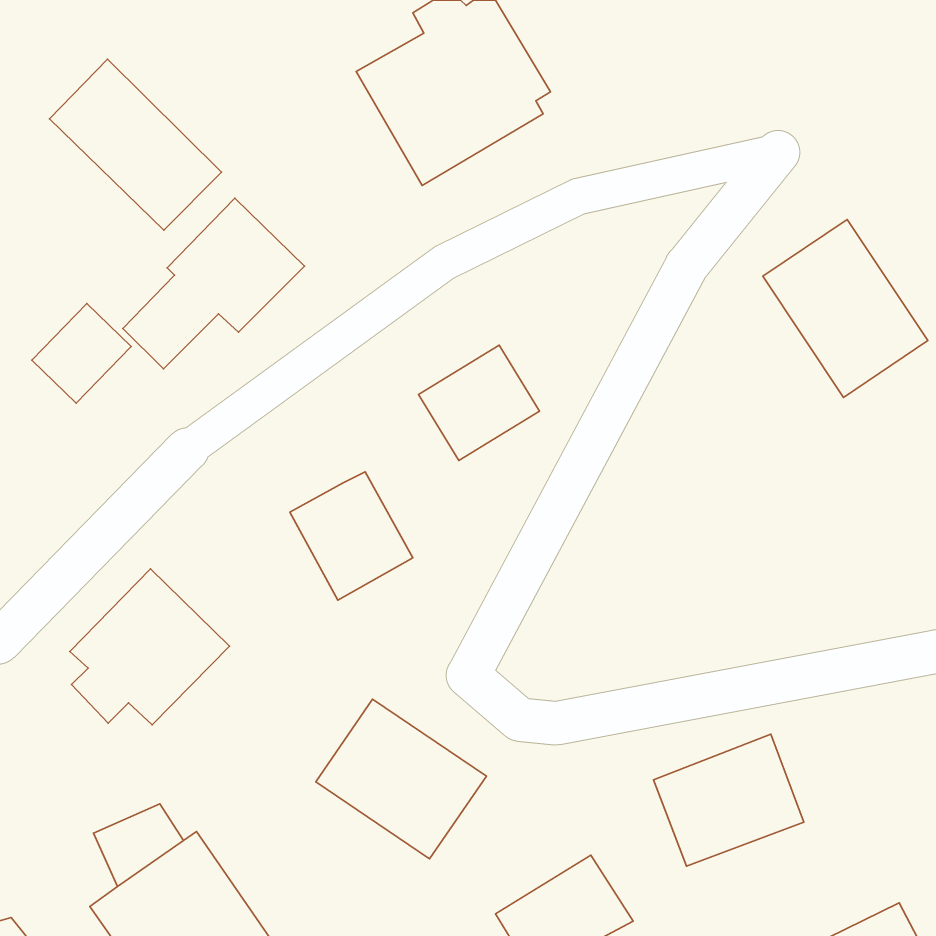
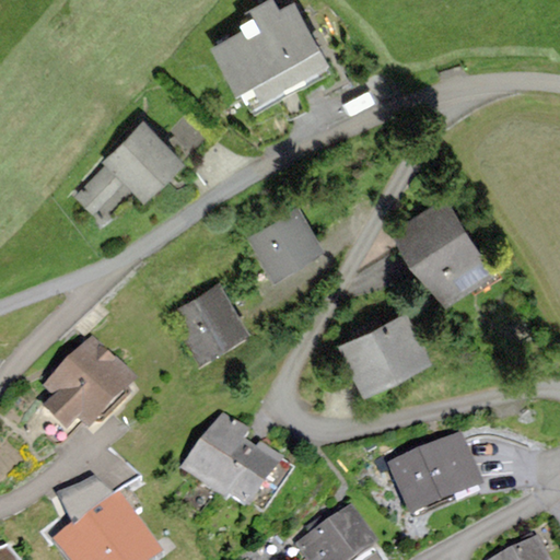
building: [50,59,222,230] -> none
building: [763,219,928,397] -> [395,198,493,304]
building: [32,304,131,403] -> none
building: none -> [337,310,429,393]

